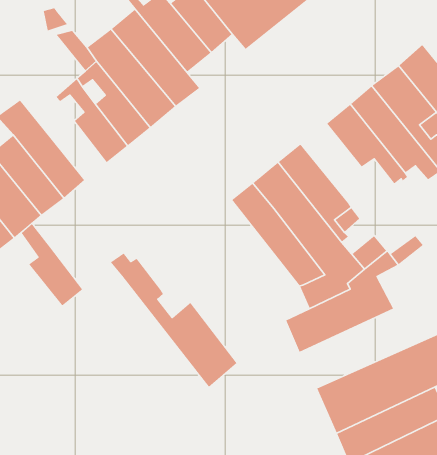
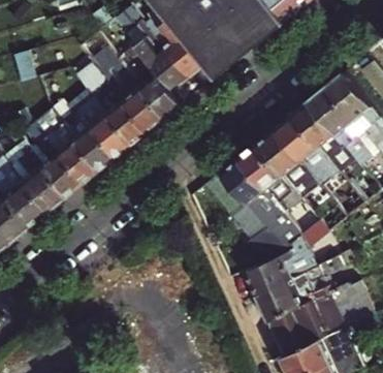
building: none -> [253,130,314,189]
building: [21,223,83,307] -> [66,111,111,172]
building: [110,252,238,388] -> none
building: none -> [252,259,339,323]

